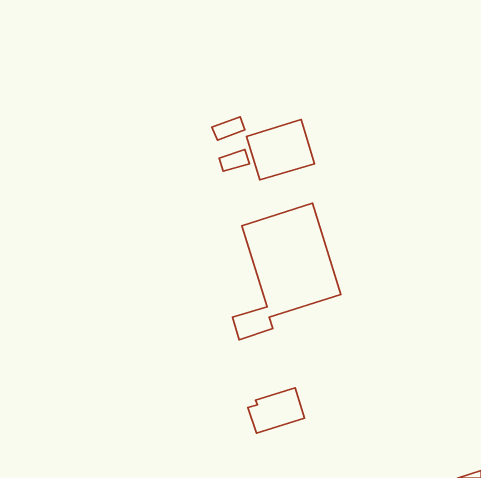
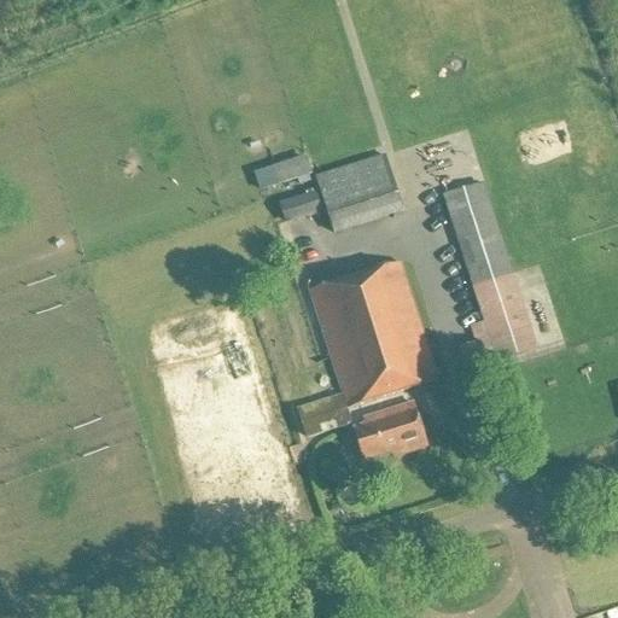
building: none -> [444,182,536,369]
building: [248,388,304,433] -> [354,401,426,459]

